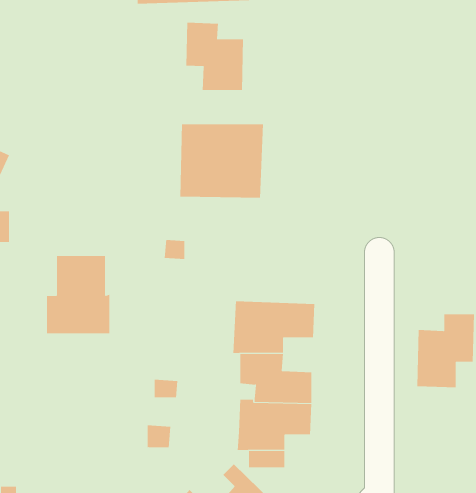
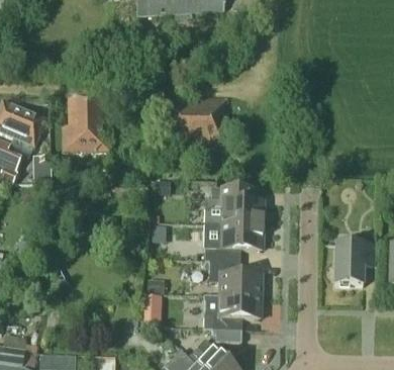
building: [186,22,244,91] -> none
building: none -> [206,187,263,224]
building: [46,255,110,334] -> [63,96,108,152]

